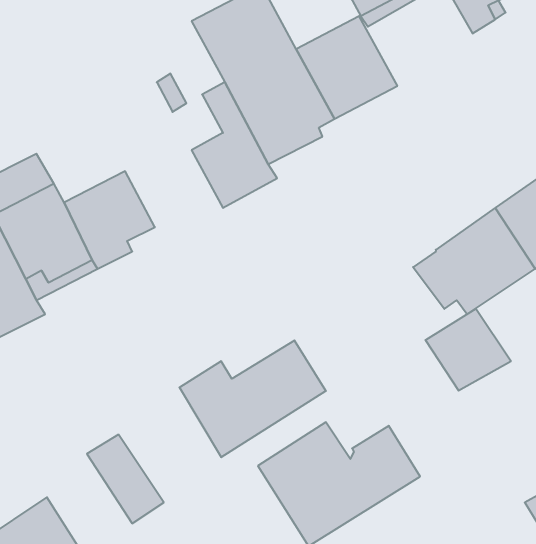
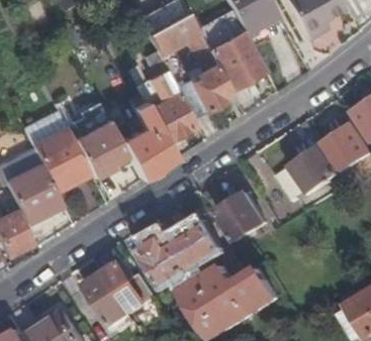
building: none -> [103,98,172,179]
building: [425,309,511,391] -> [216,190,266,237]
building: none -> [103,260,156,311]

